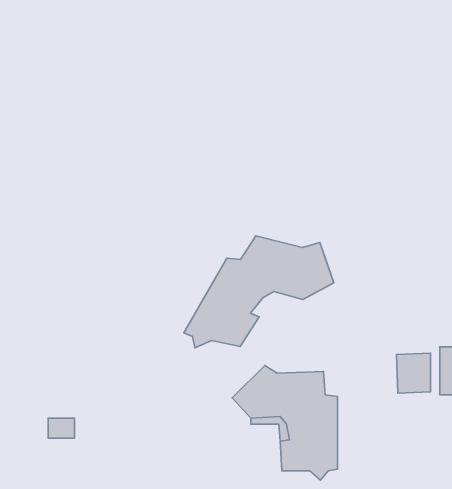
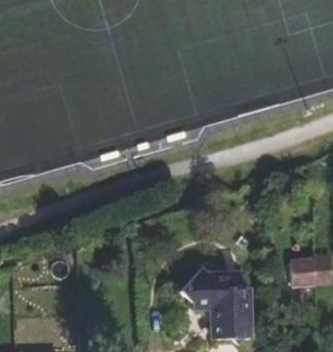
building: [184,236,334,348] -> none

